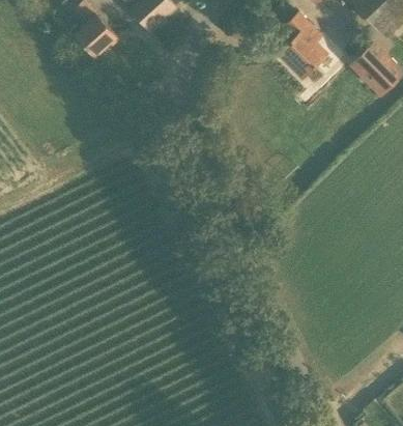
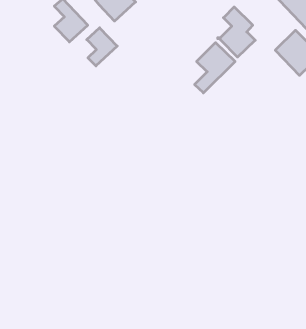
building: none -> [87,28,117,66]
building: none -> [195,43,235,93]

